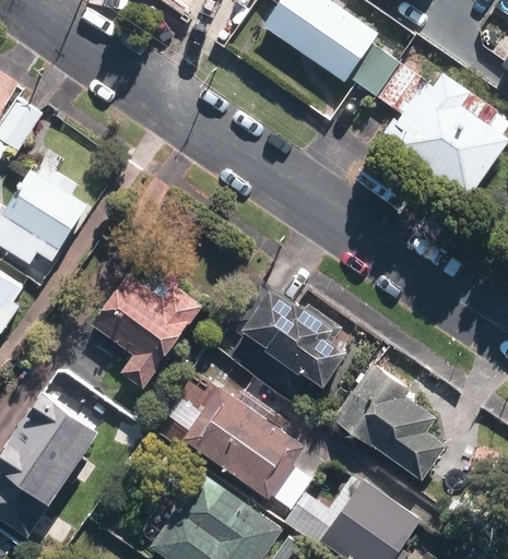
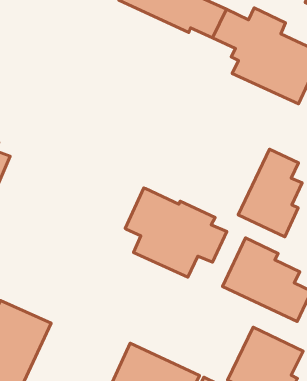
building: none -> [238,149,302,237]
building: [91,272,202,388] -> none
building: [181,384,309,508] -> none

